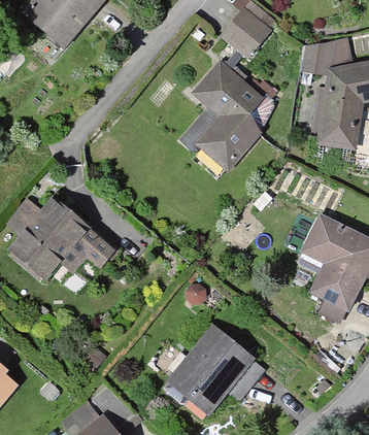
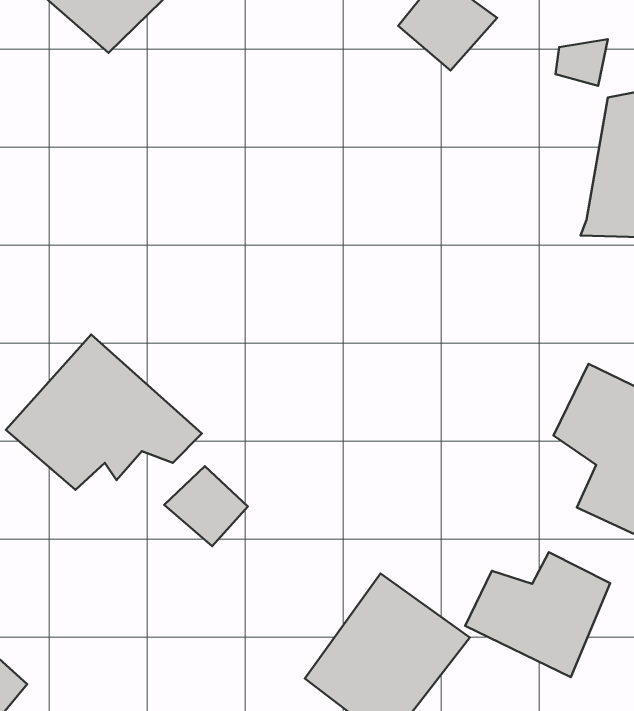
building: [191,63,263,164] -> none
building: none -> [164,466,248,546]
building: none -> [465,552,610,677]

